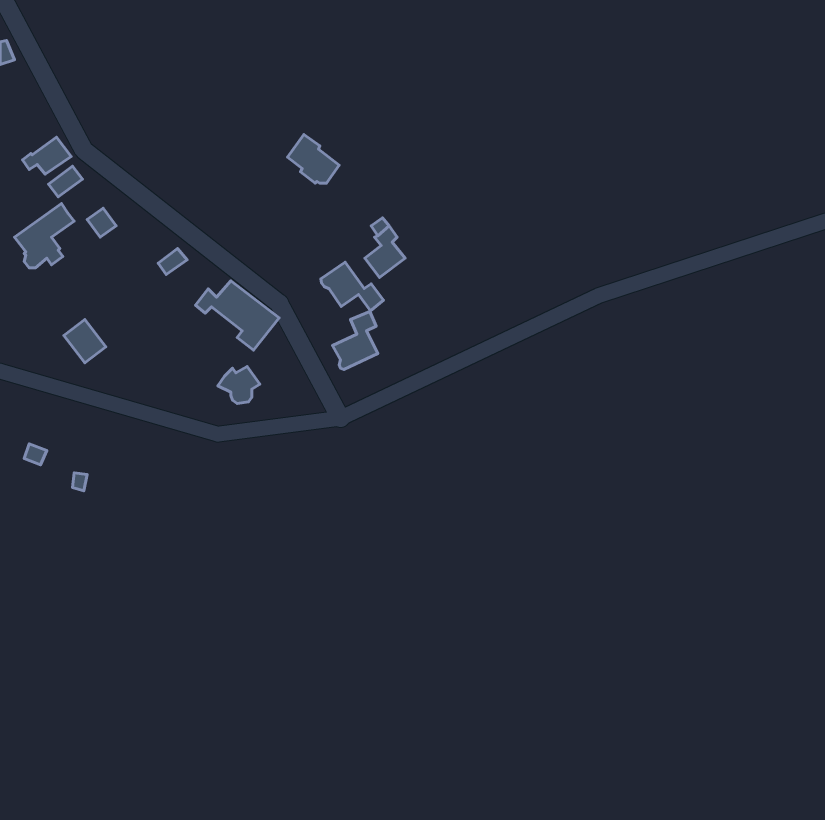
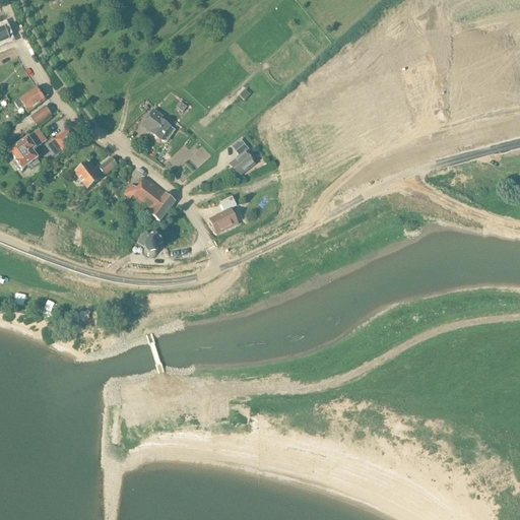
building: [288,135,339,183] -> [142,109,175,139]
building: [321,262,383,311] -> none
building: [64,319,106,363] -> [74,160,101,188]

